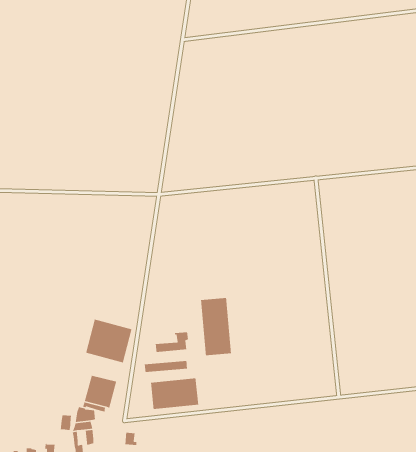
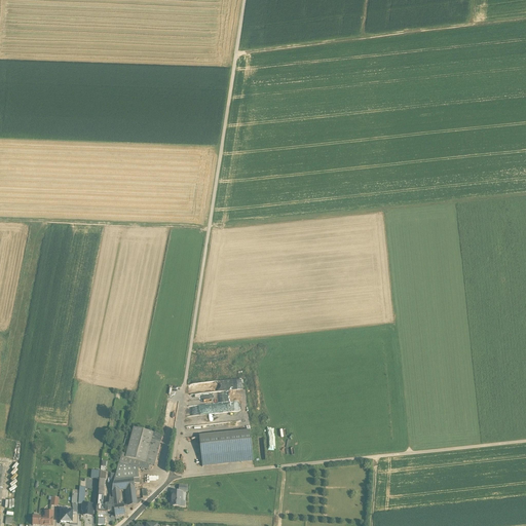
building: [200,297,232,356] -> none
building: [85,319,133,364] -> none

